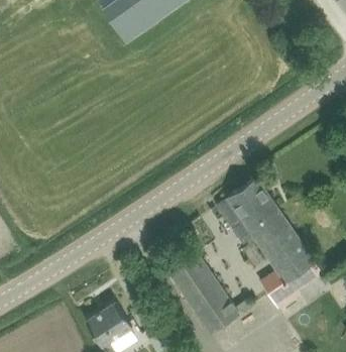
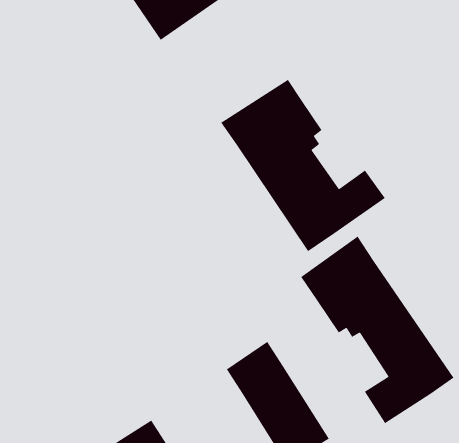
building: none -> [220,79,386,252]

